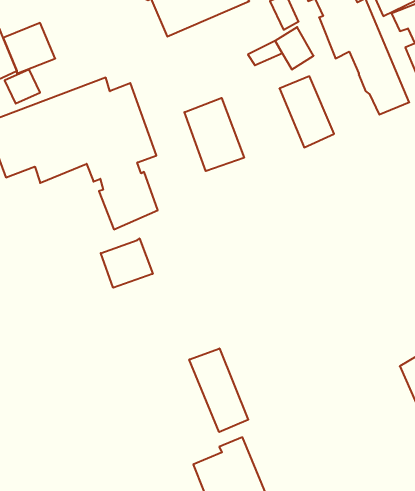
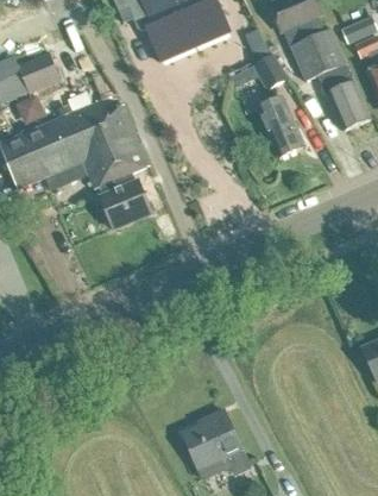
building: [184,98,244,171] -> none
building: [101,238,153,288] -> none
building: [189,348,248,432] -> none

